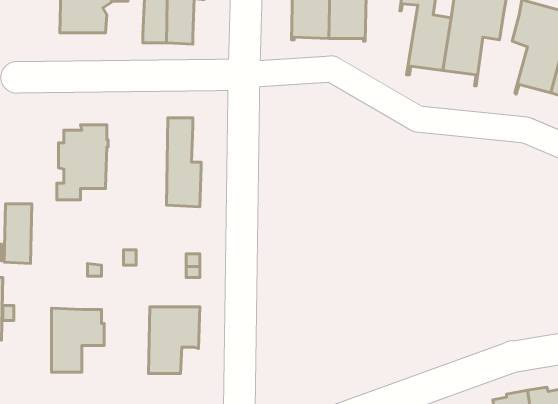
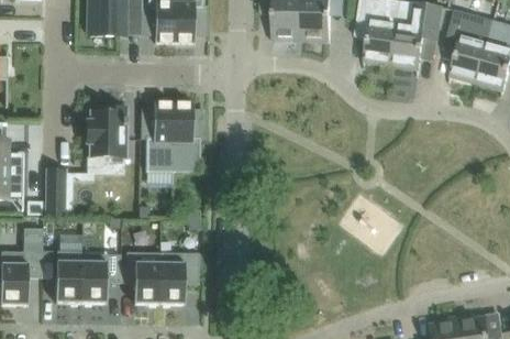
building: none -> [145,100,174,171]
building: none -> [55,249,81,303]
building: none -> [123,250,159,304]

